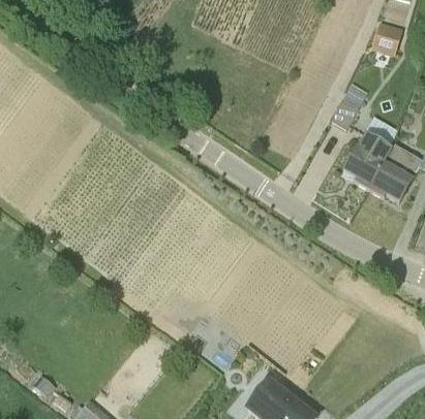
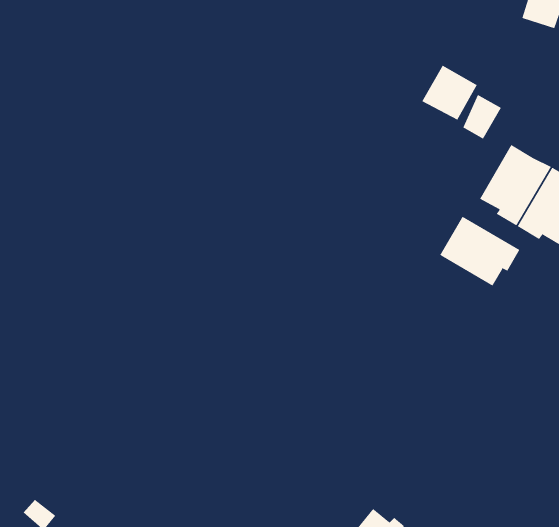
building: none -> [421,65,477,120]
building: none -> [440,216,520,286]

